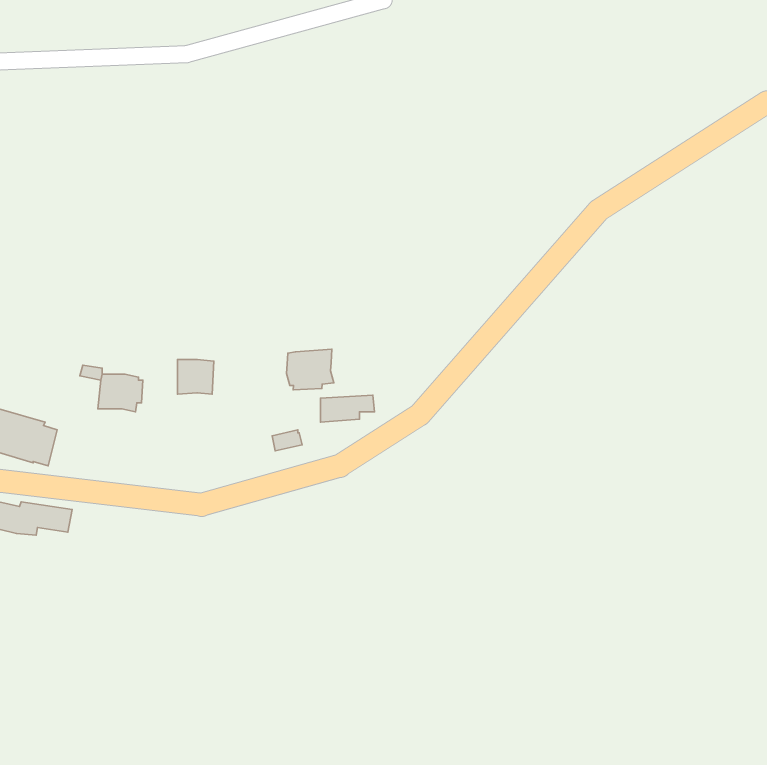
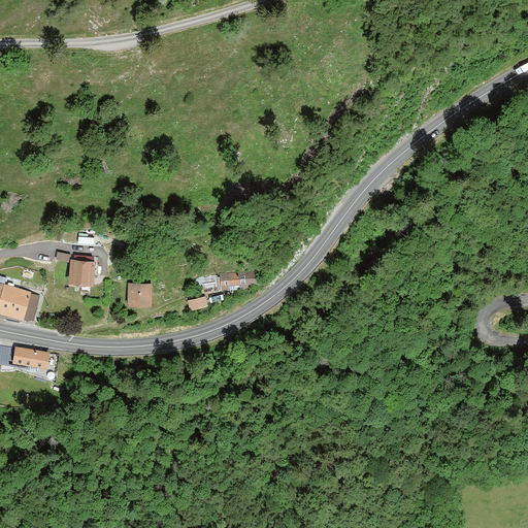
building: [287,349,334,390] -> none
building: [178,360,214,394] -> [127,283,152,306]

